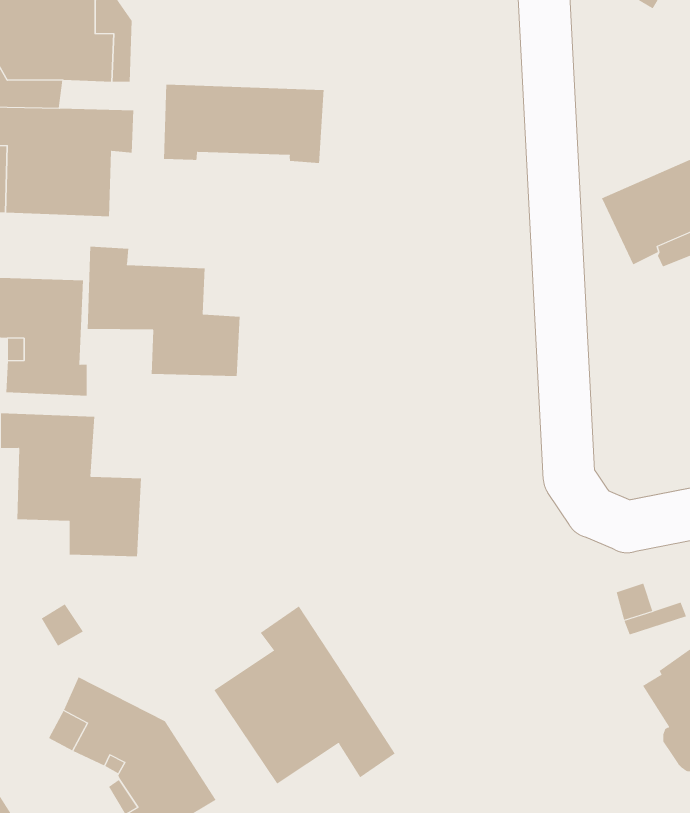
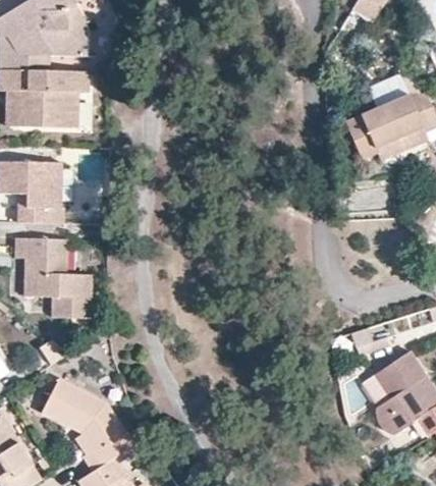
building: [163,84,324,164] -> none
building: [87,246,240,377] -> none
building: [213,606,396,785] -> none

